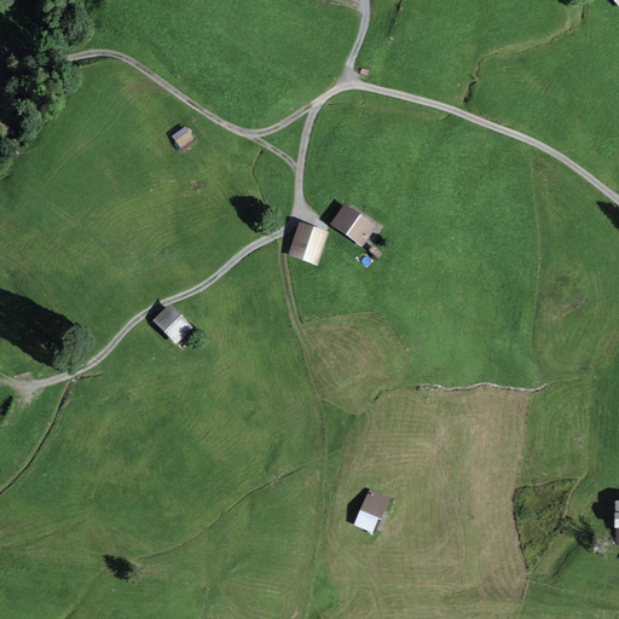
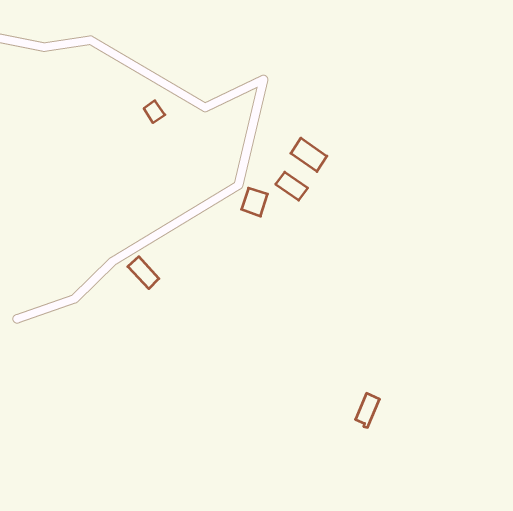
building: none -> [291,138,327,172]
building: [354,491,383,532] -> [355,393,380,427]

